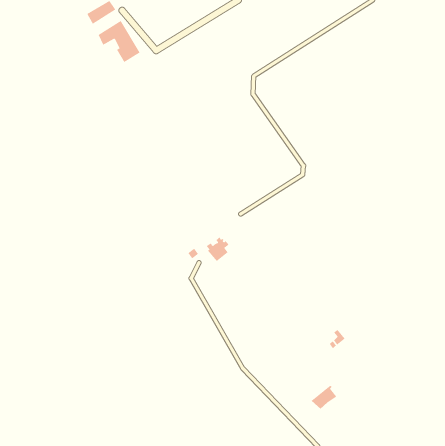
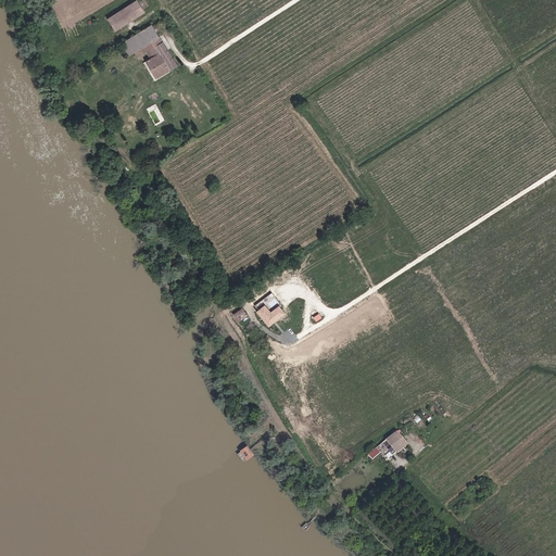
building: [311,385,337,410] -> [375,430,407,460]

